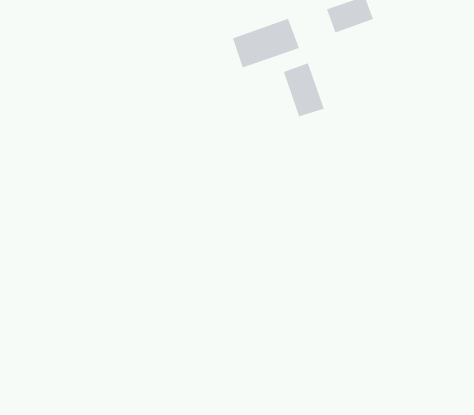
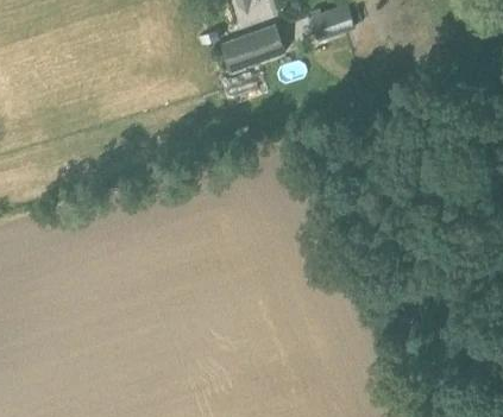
building: [283,63,324,117] -> none

